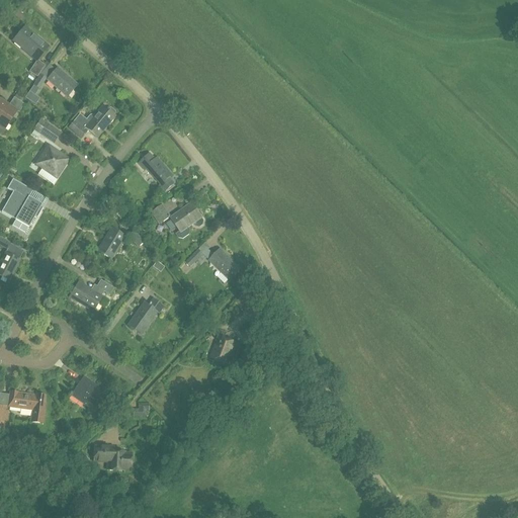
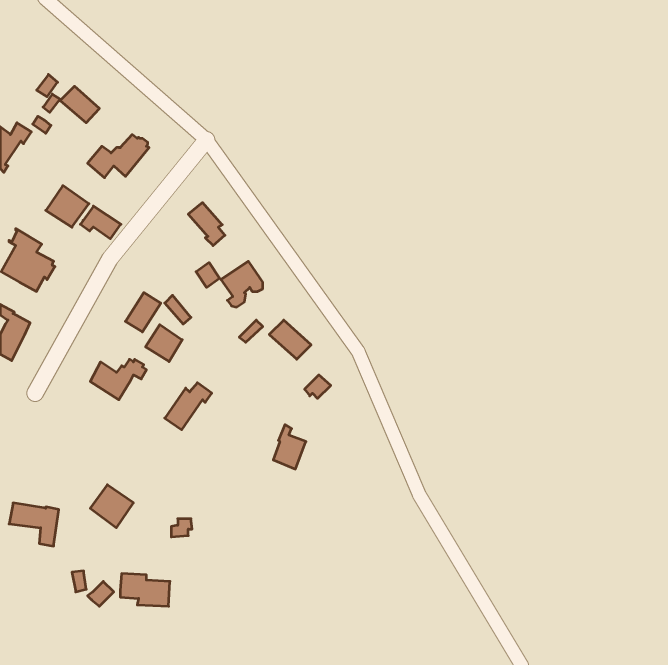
building: [13,25,49,57] -> none
building: [30,117,62,143] -> [80,206,121,239]
building: none -> [146,325,182,362]

